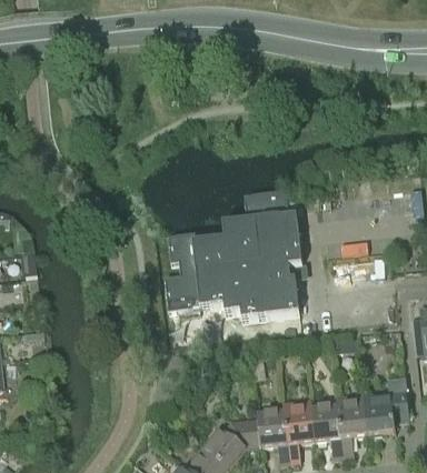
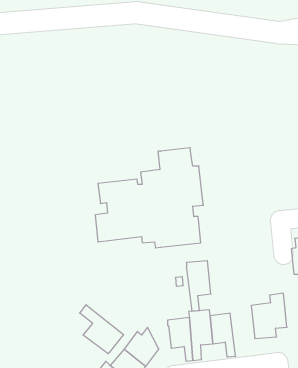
building: none -> [80,305,124,354]
building: [337,393,368,457] -> [186,261,211,311]
building: [231,419,261,449] -> none

